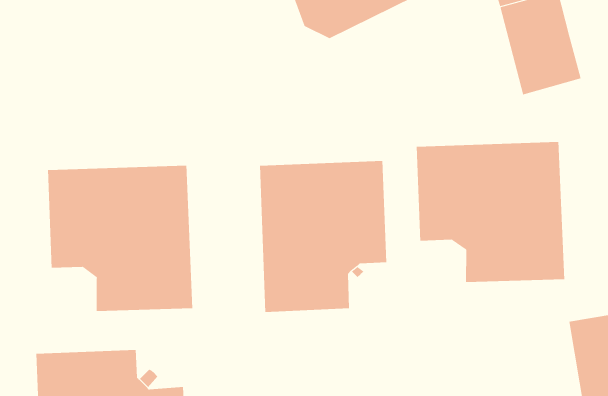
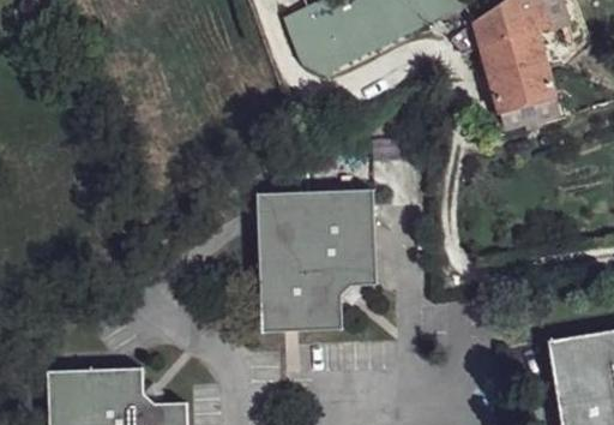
building: [416,141,565,283] -> none
building: [48,165,193,312] -> none

